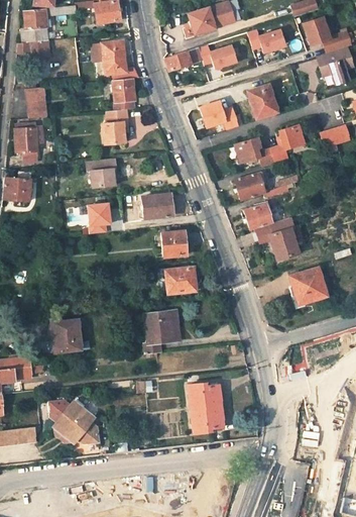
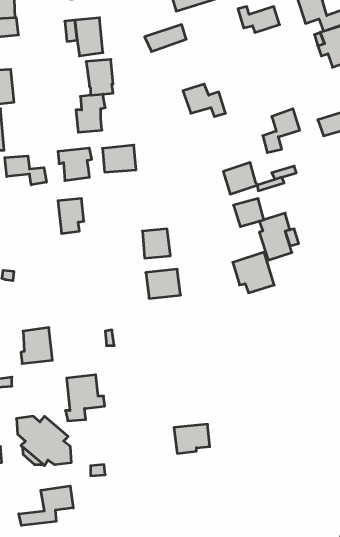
building: [209,45,236,70] -> none
building: [247,86,277,118] -> none
building: [234,137,274,167] -> none
building: none -> [5,156,46,185]
building: [143,194,173,218] -> [102,145,136,172]
building: [289,268,327,304] -> [233,252,274,293]
building: [144,312,180,353] -> [65,375,105,421]
building: [189,384,221,410] -> none
building: none -> [19,486,73,525]

